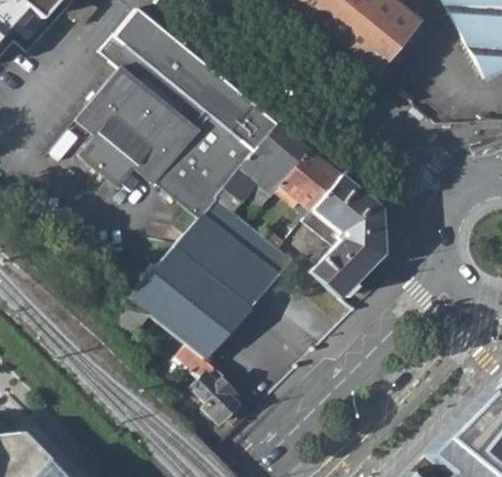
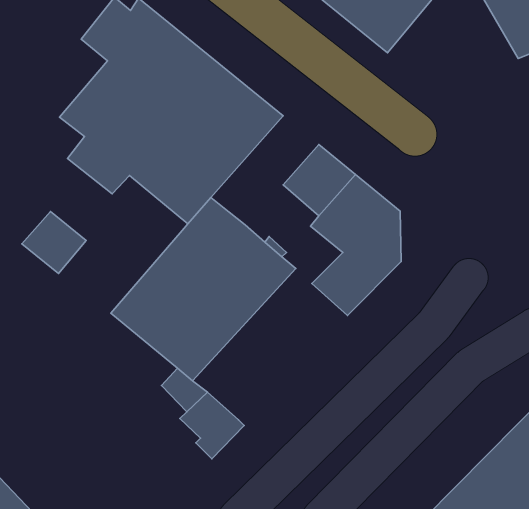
building: [219,125,313,209] -> none
building: none -> [22,211,86,274]

